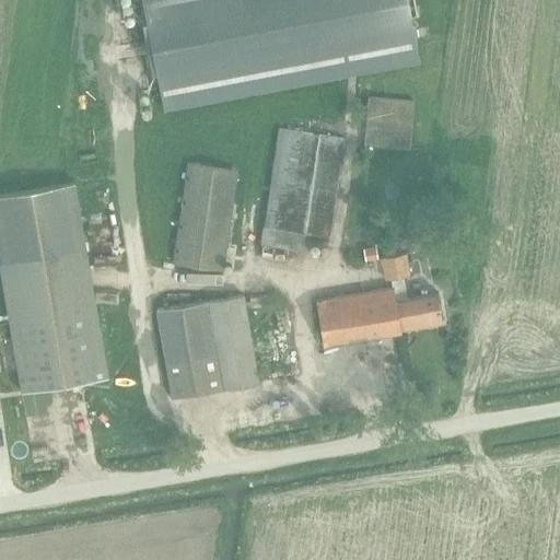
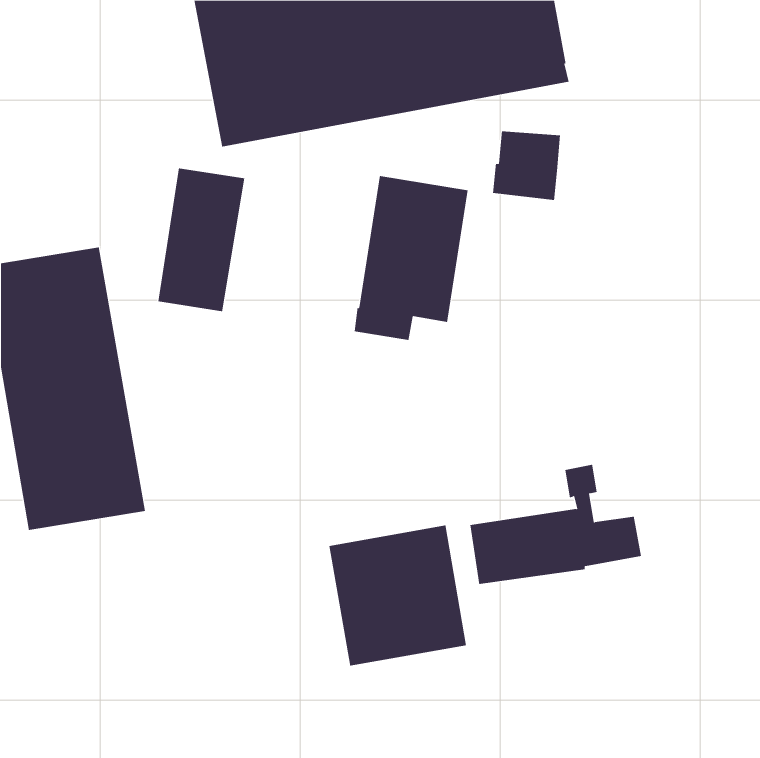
building: [173,165,237,271] -> [158,168,245,312]
building: [315,255,442,343] -> [469,464,642,584]
building: [155,294,257,398] -> [329,525,467,666]

